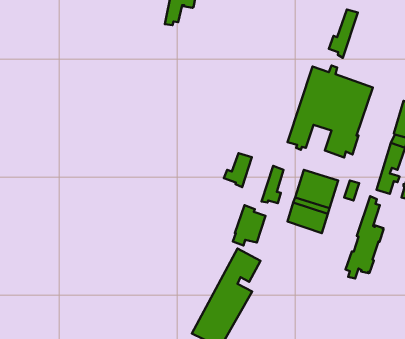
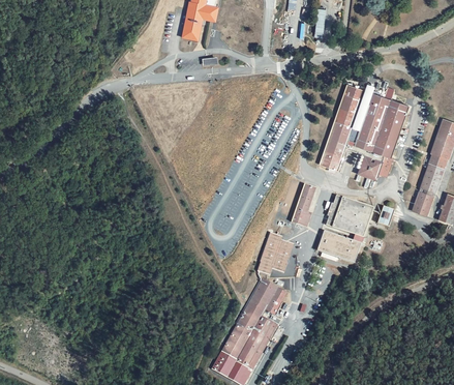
building: [329,9,358,58] -> none
building: [224,153,252,187] -> none
building: [346,196,384,279] -> none

